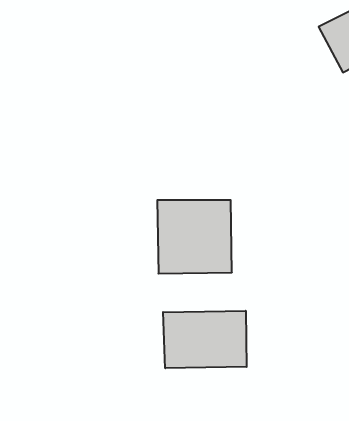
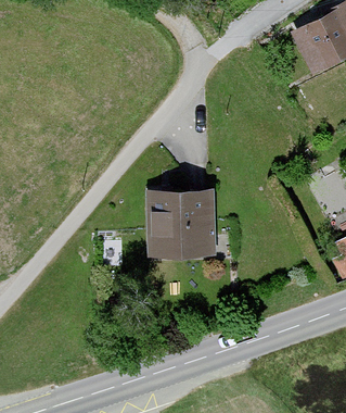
building: [163,311,247,368] -> none

